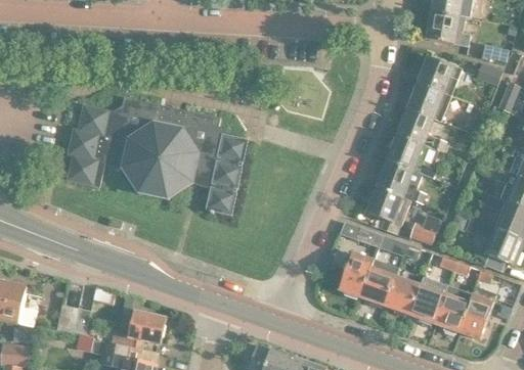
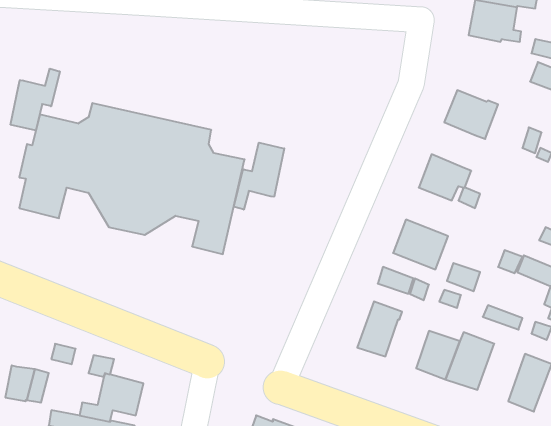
building: [417,57,460,95] -> none
building: none -> [11,69,60,131]
building: [396,109,446,151] -> none
building: none -> [234,143,284,210]
building: [376,161,426,203] -> none
building: [359,267,394,306] -> none
building: [433,286,471,332] -> none

